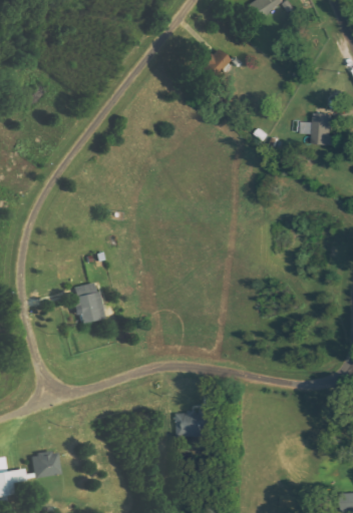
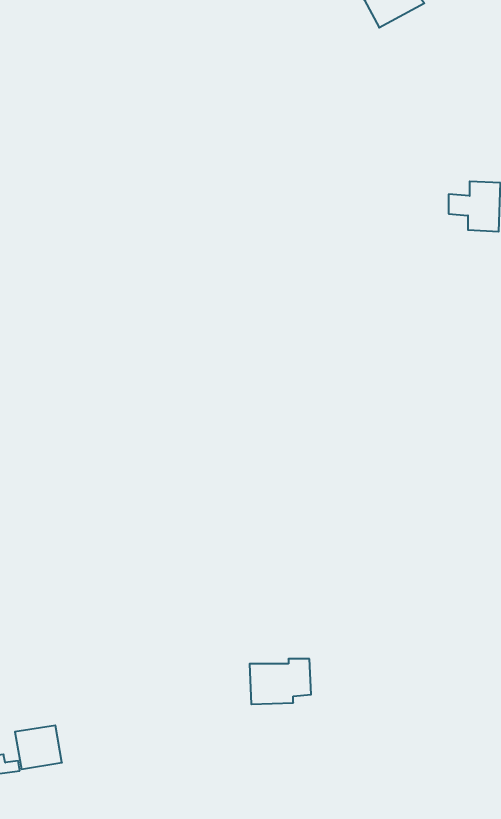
building: [202,49,230,78] -> none
building: [73,283,104,324] -> none

